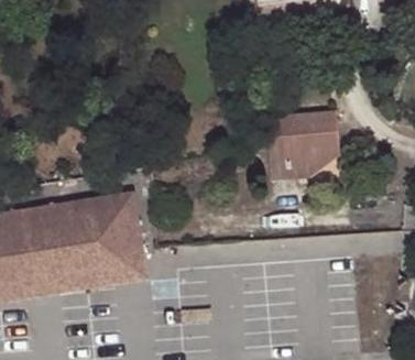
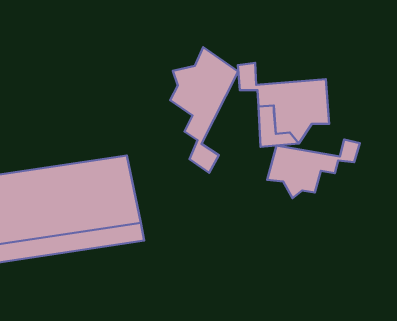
building: none -> [170,47,238,173]
building: none -> [267,140,360,198]

